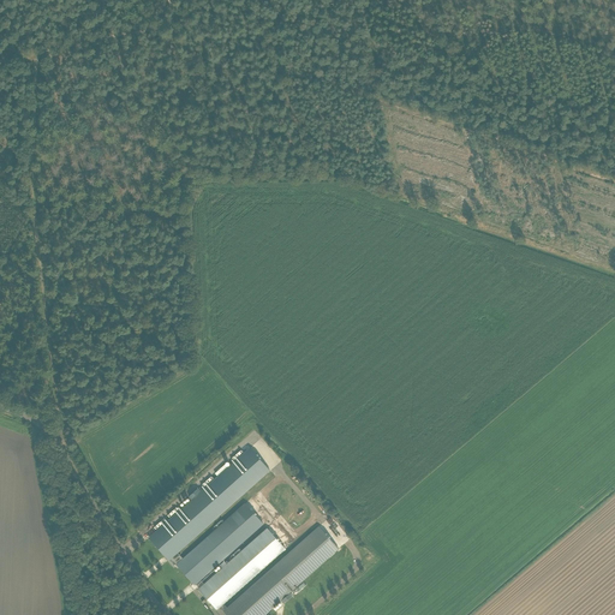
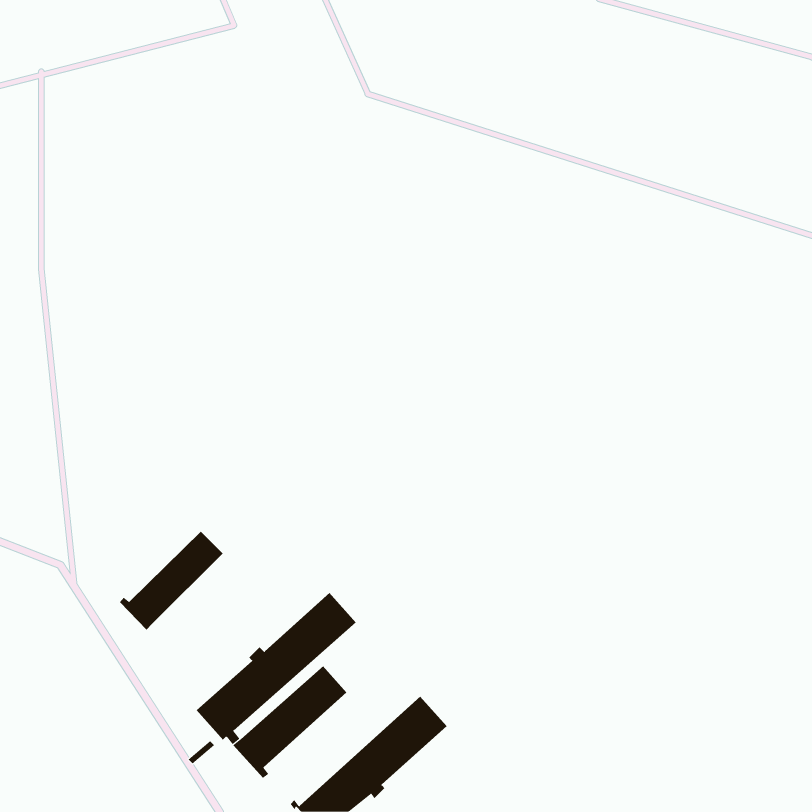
building: none -> [119,531,223,631]
building: [198,527,283,608] -> none

